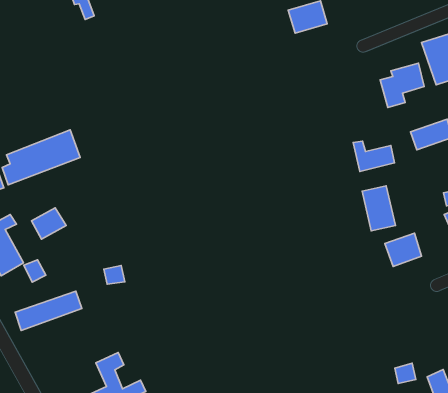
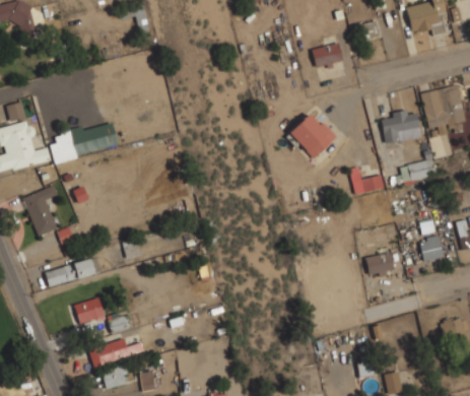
building: none -> [287,110,338,160]
building: [362,186,395,231] -> none
building: [31,208,66,239] -> none
building: none -> [75,298,105,324]

